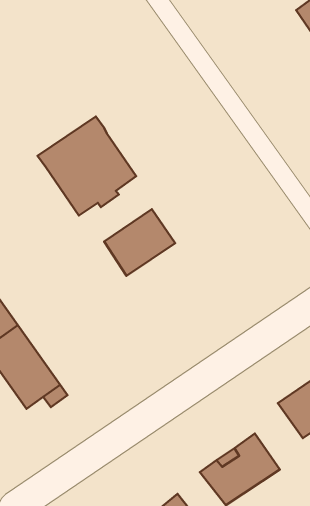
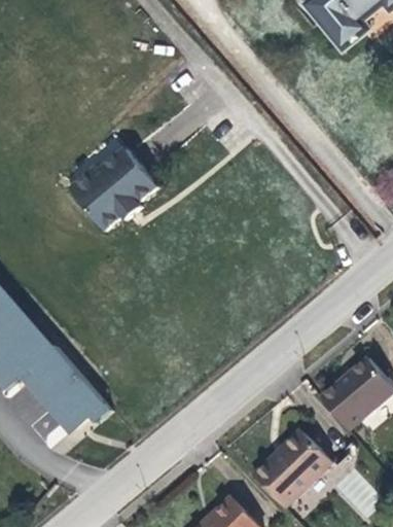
building: [104,209,175,276] -> none

